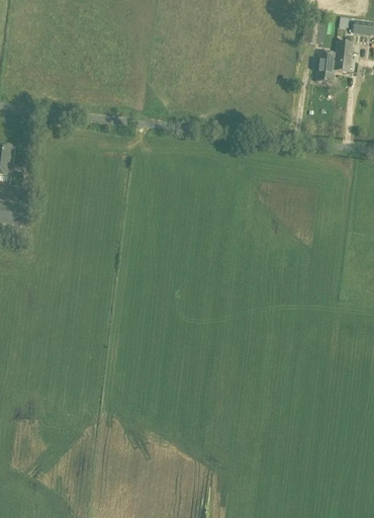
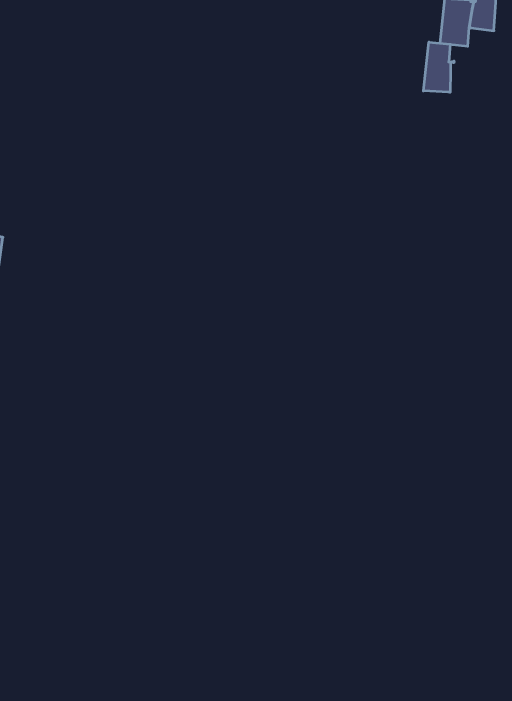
building: none -> [423,42,454,92]

